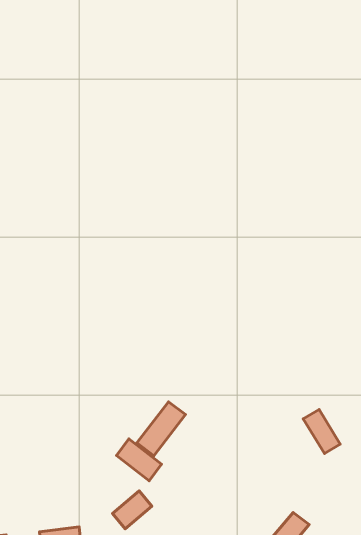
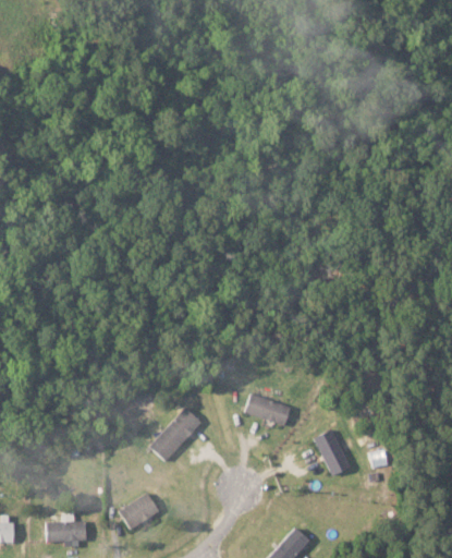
building: none -> [245,395,289,425]
building: [116,439,162,481] -> none

